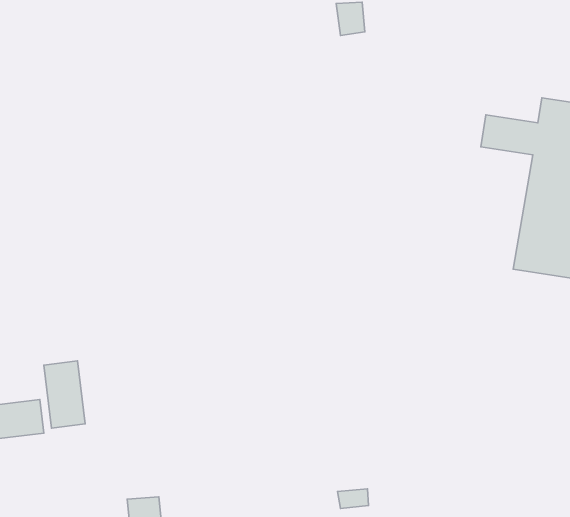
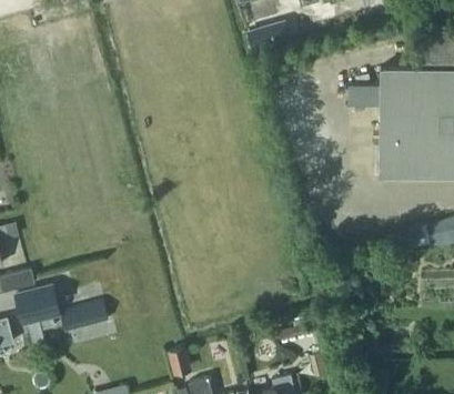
building: [44,361,85,428] -> none

